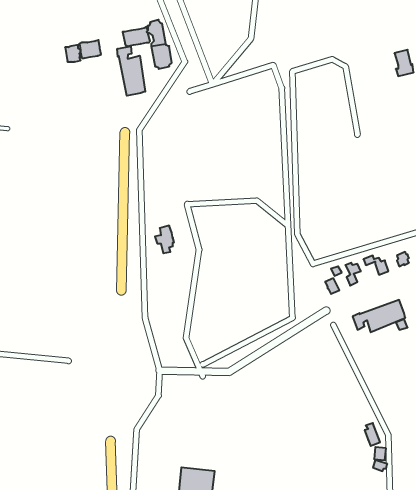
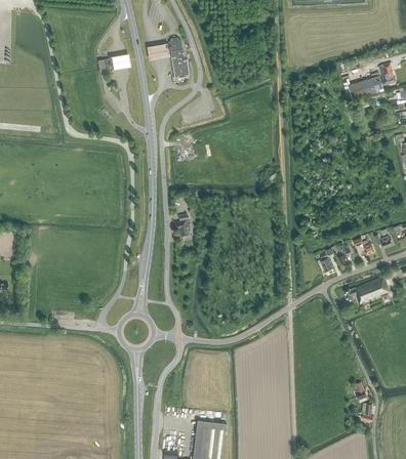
building: [117,46,145,96] -> none
building: none -> [347,76,383,99]

